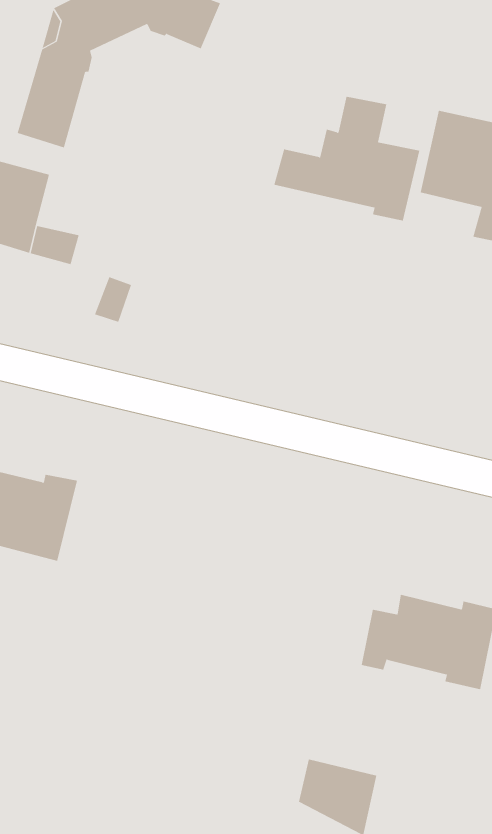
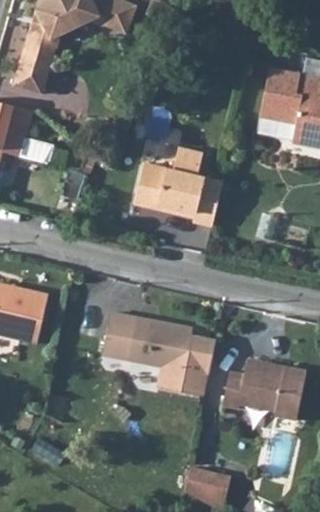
building: [274,96,420,221] -> [131,151,220,227]
building: none -> [103,312,217,399]

